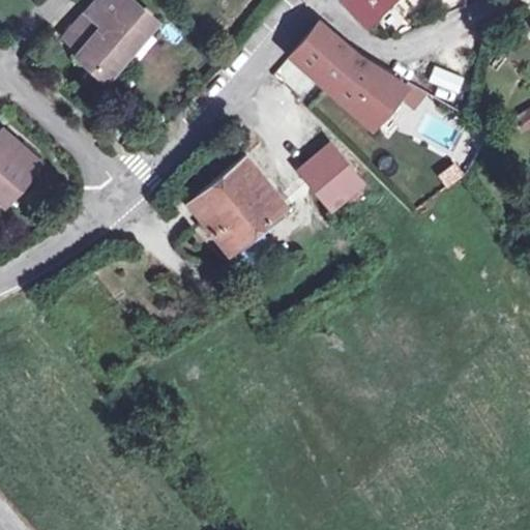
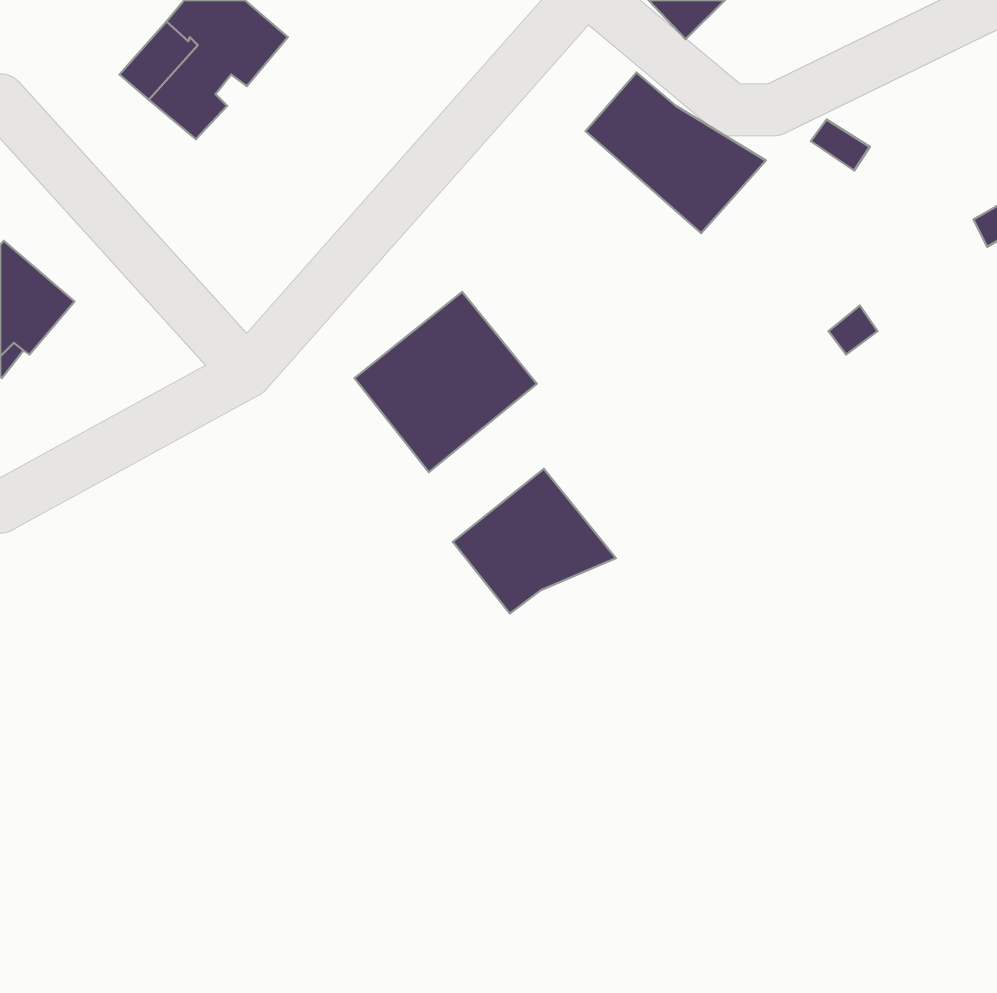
building: [292,25,338,73] -> none
building: [303,148,362,208] -> none
building: none -> [453,469,616,614]

